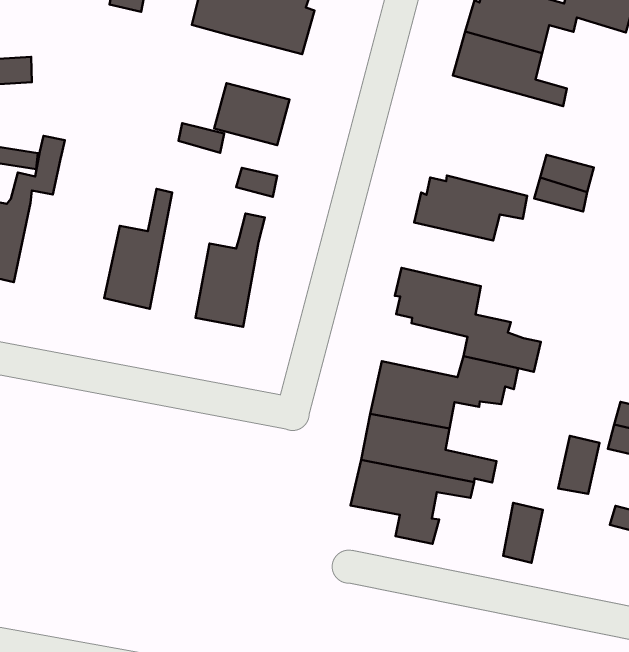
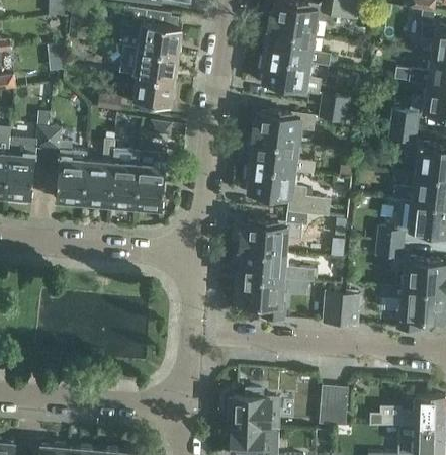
building: none -> [135,48,178,80]
building: none -> [262,56,320,94]
building: none -> [48,126,87,203]
building: none -> [109,140,139,208]
building: none -> [248,141,315,174]
building: [558,436,600,494] -> [340,293,360,325]

